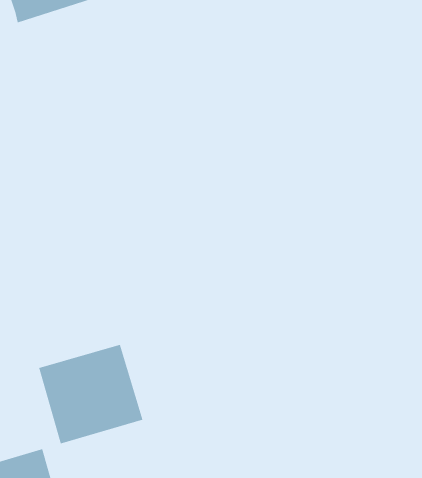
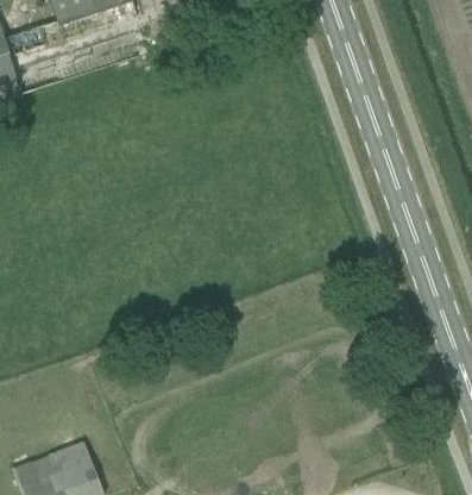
building: [38,344,144,445] -> none

